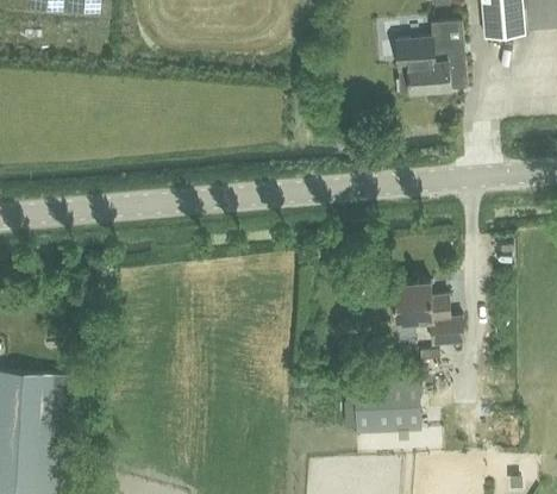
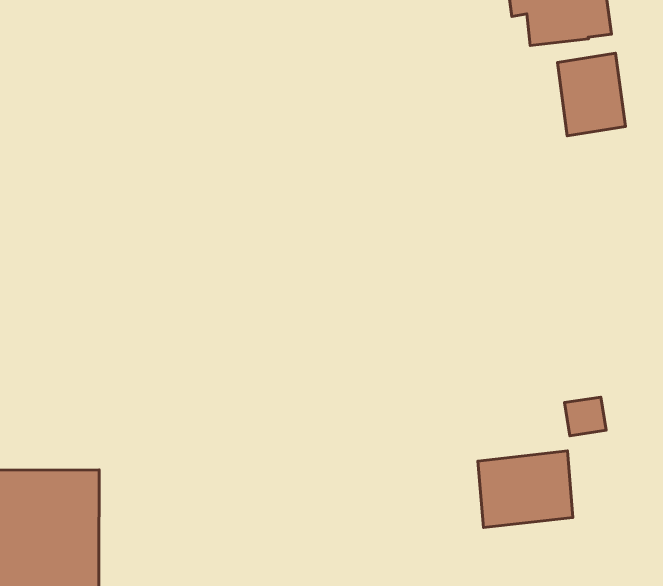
building: none -> [558,53,625,136]
building: [390,281,463,344] -> none

